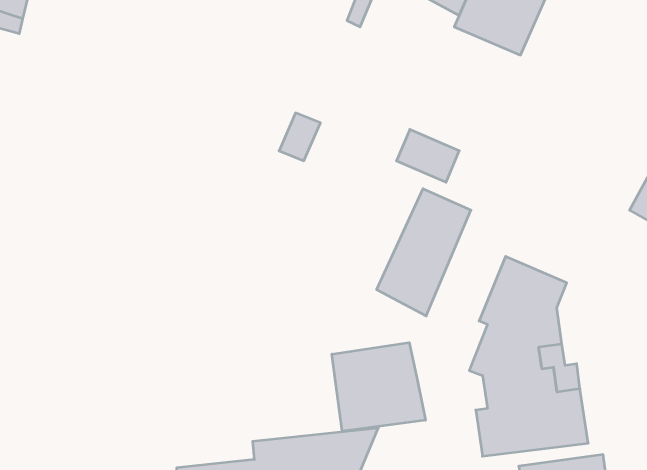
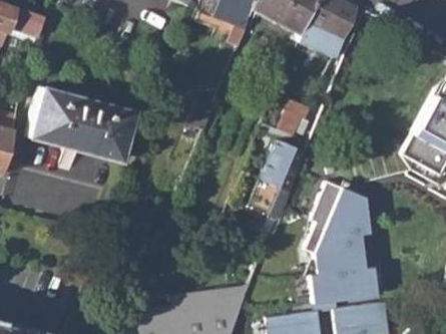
building: none -> [27,87,133,161]
building: [332,343,425,431] -> none

